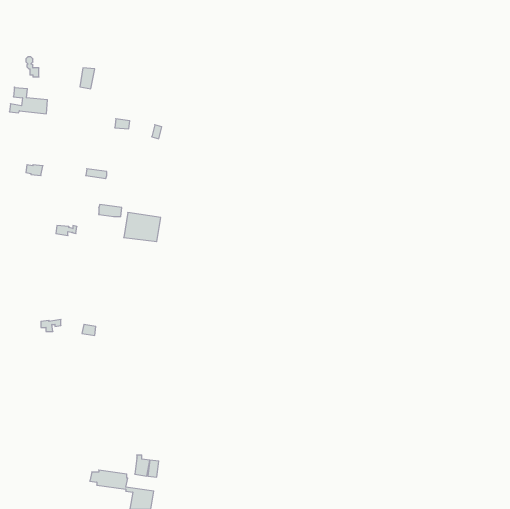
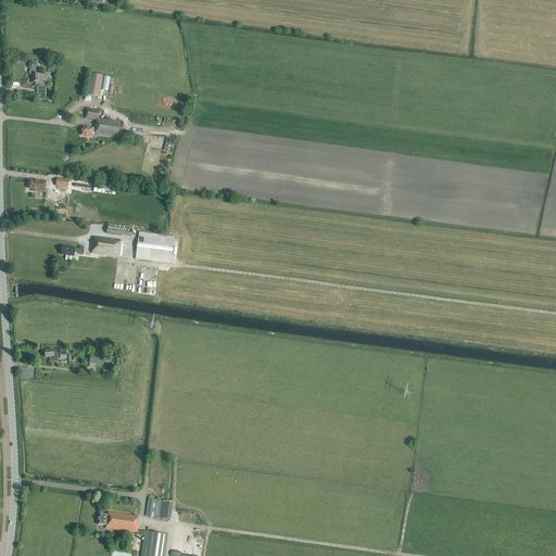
building: [9,87,47,114] -> [81,108,123,137]
building: none -> [91,236,121,256]

